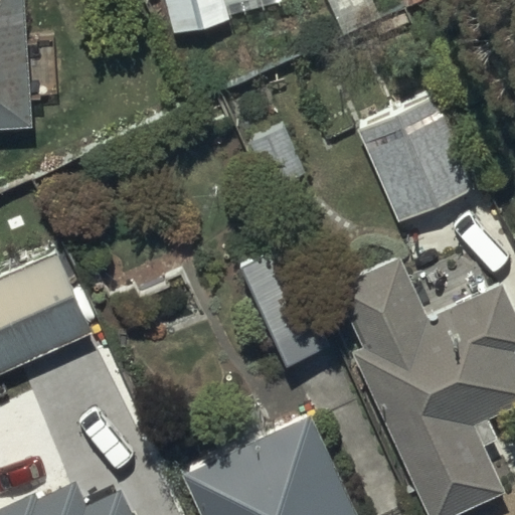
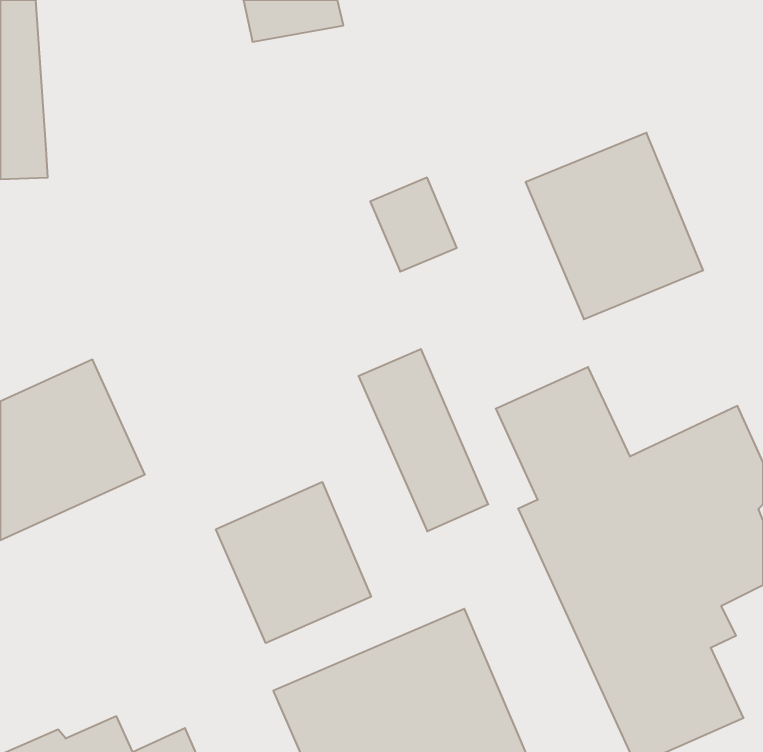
building: none -> [216,482,371,643]

